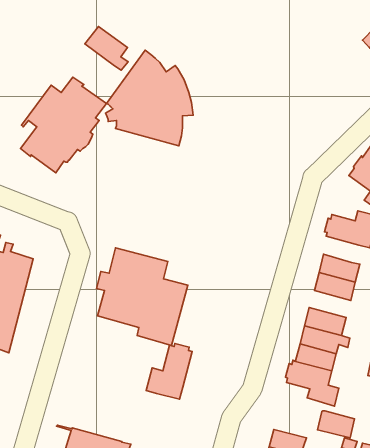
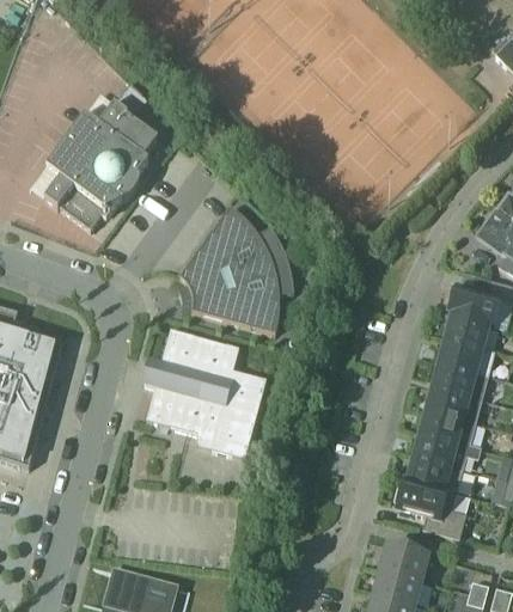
building: [85,26,128,70] -> none
building: [106,50,193,146] -> [177,206,293,332]
building: none -> [444,313,490,348]
building: none -> [425,385,480,421]
building: [146,344,192,399] -> none
building: [317,411,355,438] -> [378,544,427,580]

